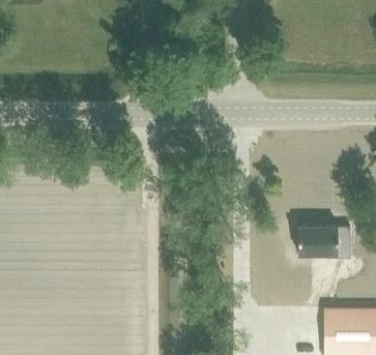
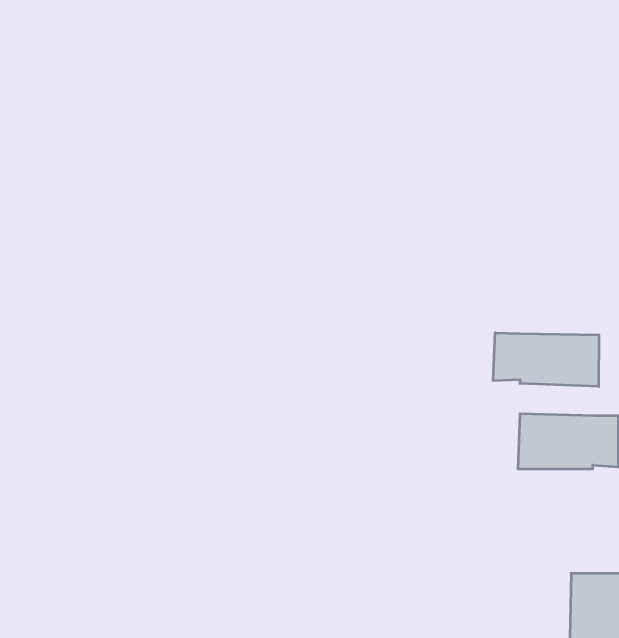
building: none -> [493,333,599,387]

